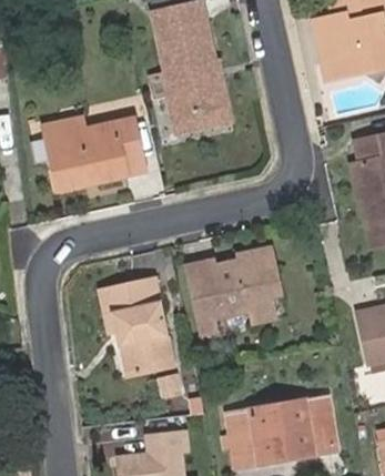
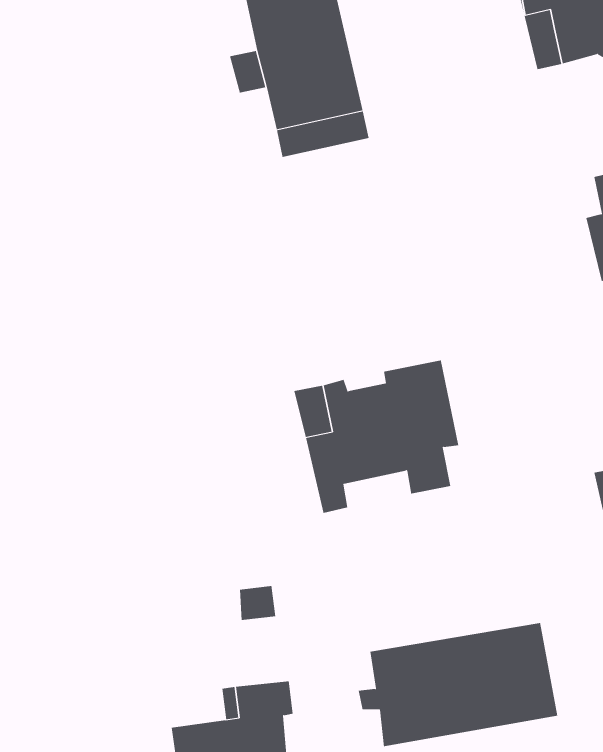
building: [42,117,144,190] -> none
building: [99,277,173,375] -> none

